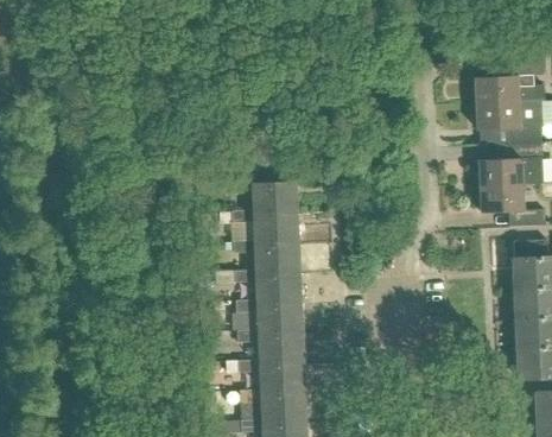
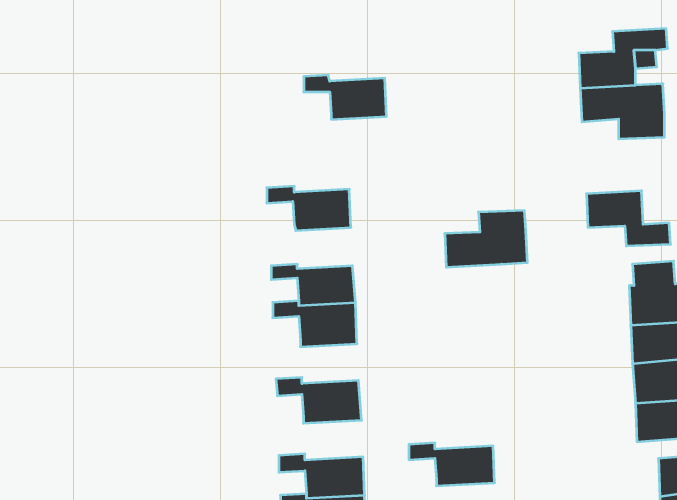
building: [478,144,543,188] -> [445,211,527,267]
building: [234,211,298,246] -> [304,75,386,119]
building: [237,302,303,335] -> none
building: [240,361,306,394] -> [409,443,495,486]

